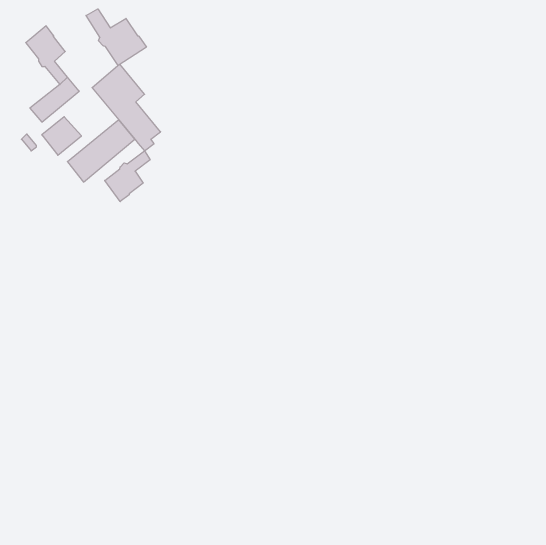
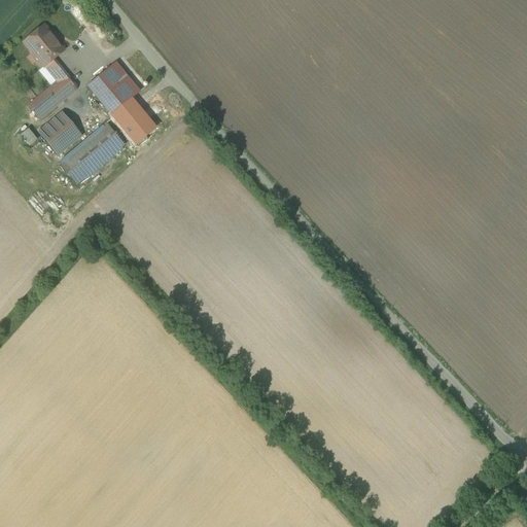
building: [86,9,146,65] -> none
building: [105,151,150,202] -> none

